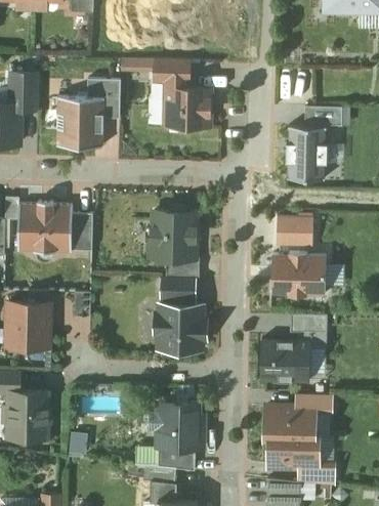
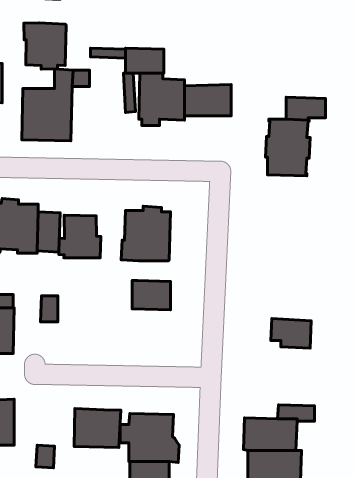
building: none -> [24,23,66,69]
building: none -> [185,85,231,116]
building: [268,214,336,301] -> none
building: none -> [59,215,101,258]
building: [165,258,199,279] -> none
building: [155,304,206,350] -> none
building: [261,340,312,383] -> none
building: none -> [74,408,121,447]

